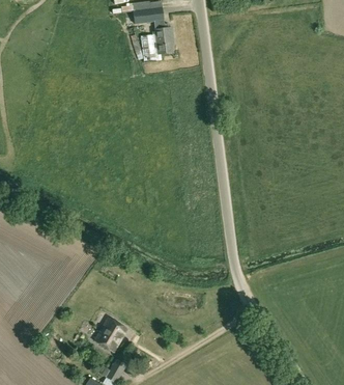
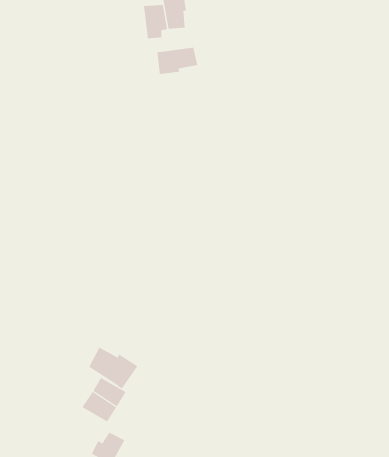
building: none -> [157,47,198,75]
building: none -> [88,347,138,389]

